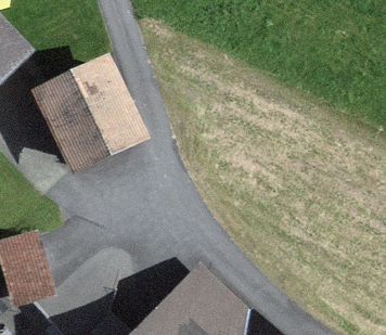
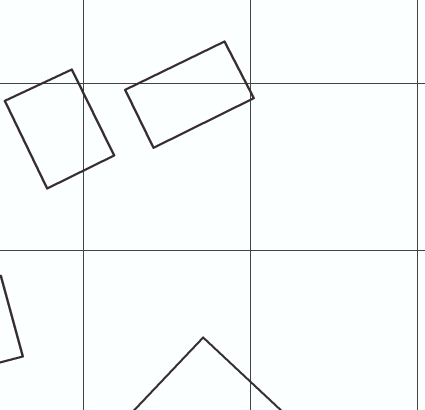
building: none -> [125,41,254,148]

